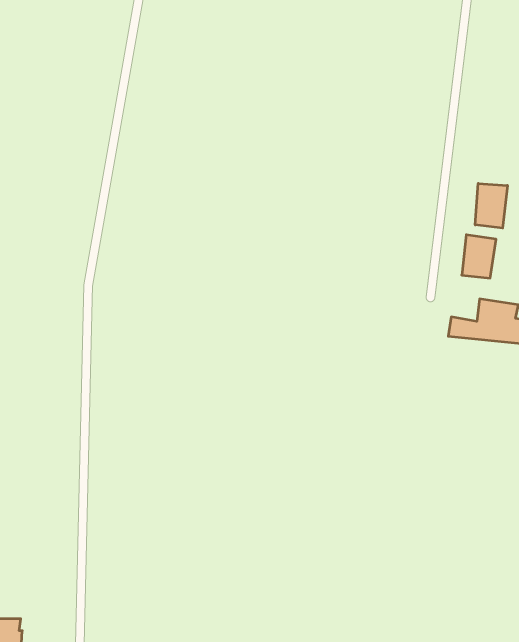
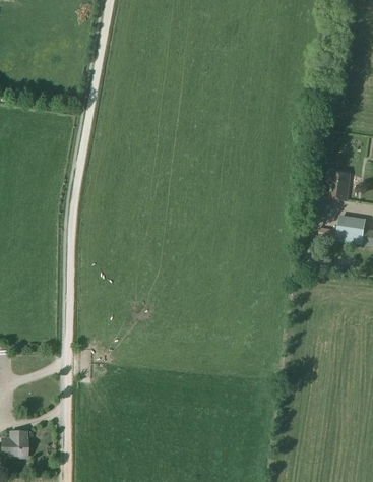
building: [475,183,507,228] -> none

